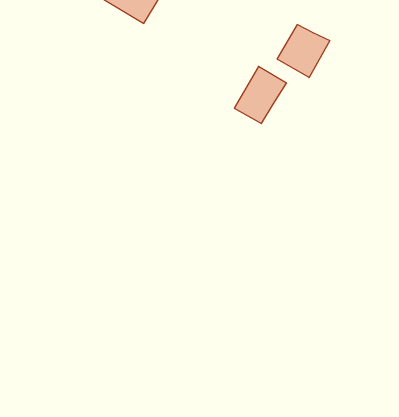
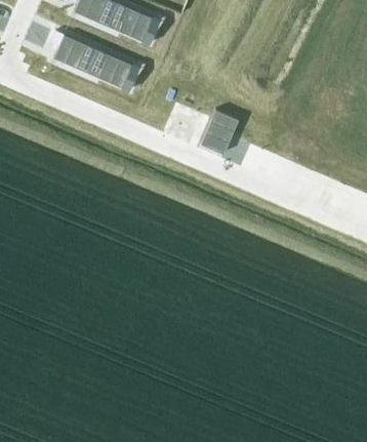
building: [277,25,330,78] -> none

